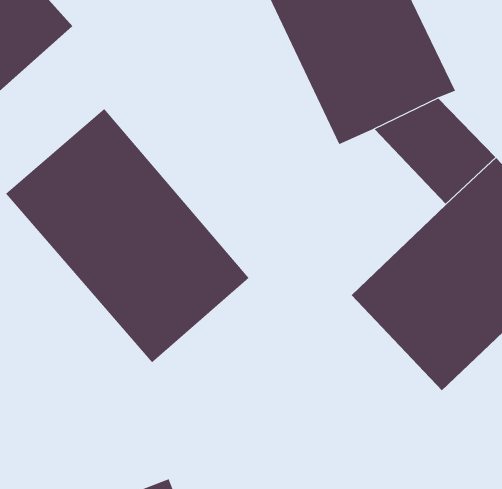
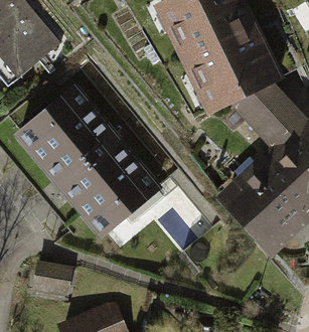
building: none -> [30,262,72,299]

